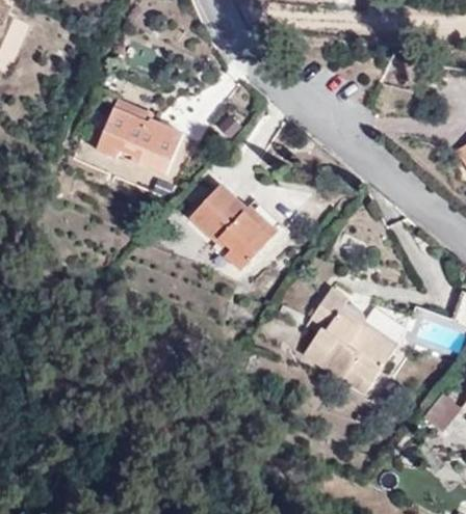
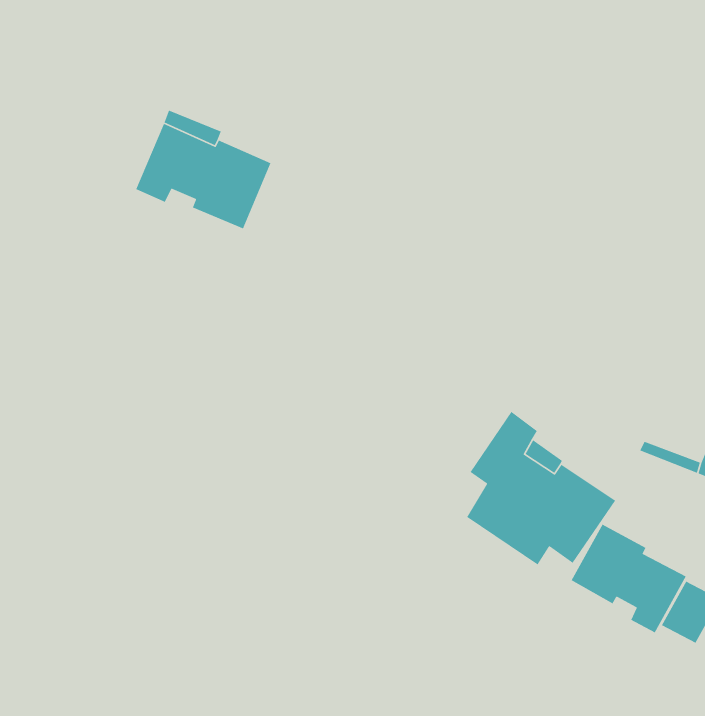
building: [189,184,278,271] -> none
building: none -> [570,523,687,633]

